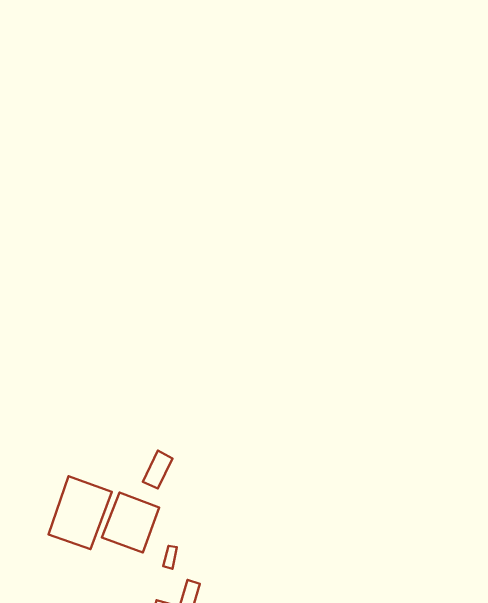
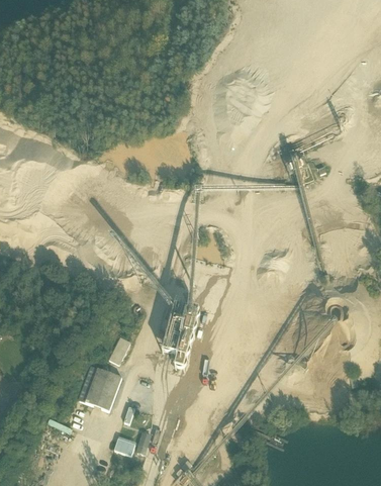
building: [49,476,112,549] -> none

